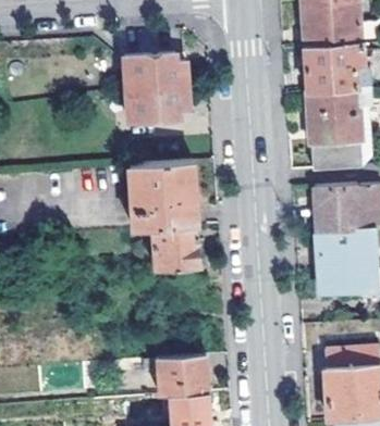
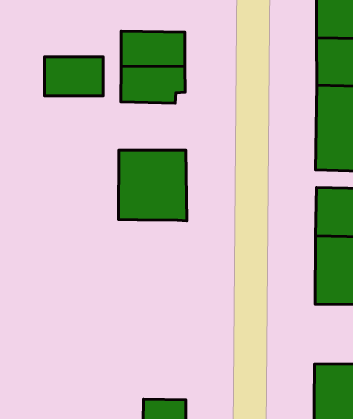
building: none -> [44,57,103,96]
building: [150,225,198,281] -> none
building: [155,350,207,393] -> none

